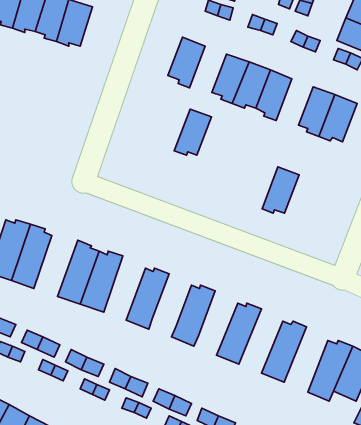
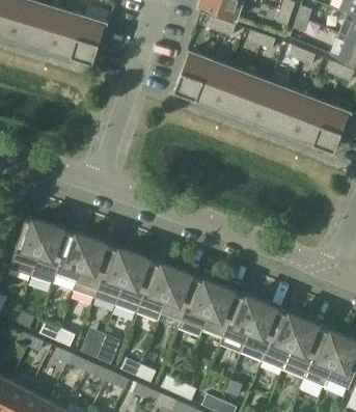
building: [174,109,211,155] -> [195,60,229,103]
building: [262,167,299,213] -> [275,90,309,133]
building: none -> [52,234,92,291]
building: none -> [116,253,155,312]
building: none -> [161,270,197,319]
building: none -> [203,285,240,335]
building: none -> [241,302,281,361]
building: none -> [282,319,323,379]

